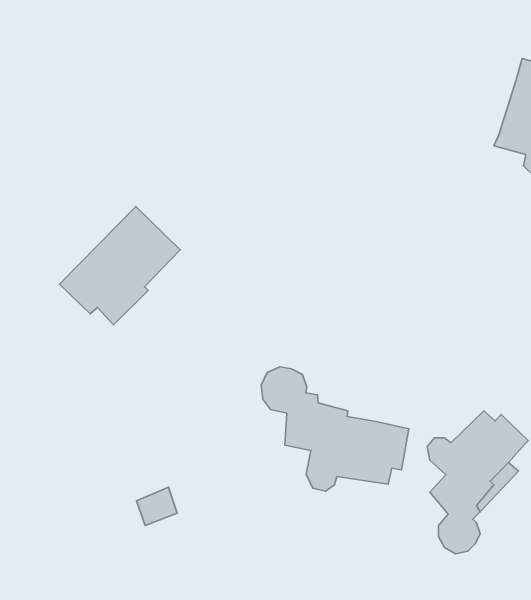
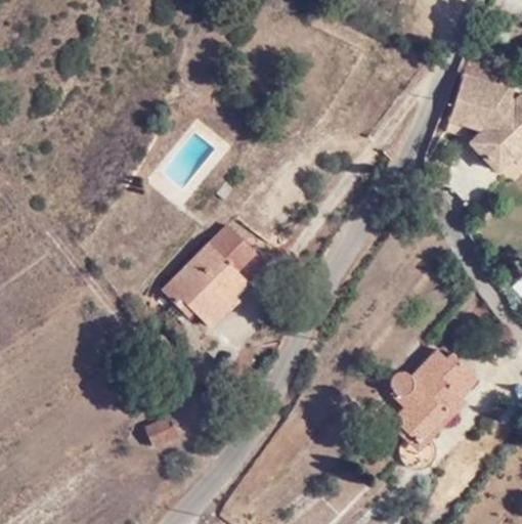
building: [59,207,180,325] -> [167,225,267,323]
building: [261,367,409,491] -> none

